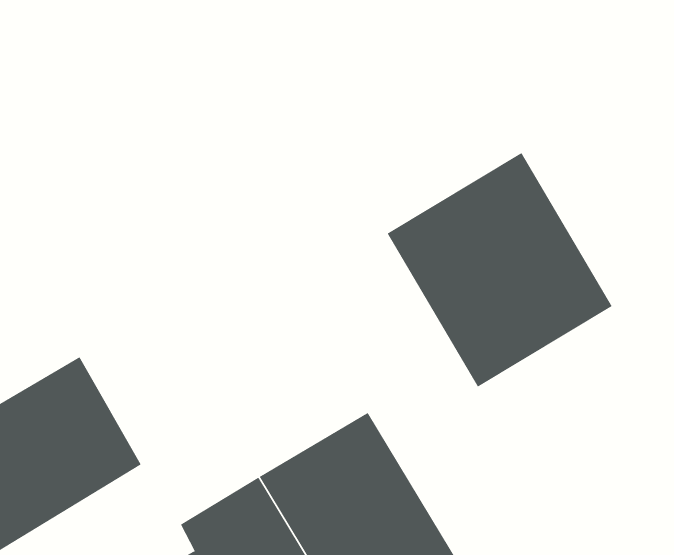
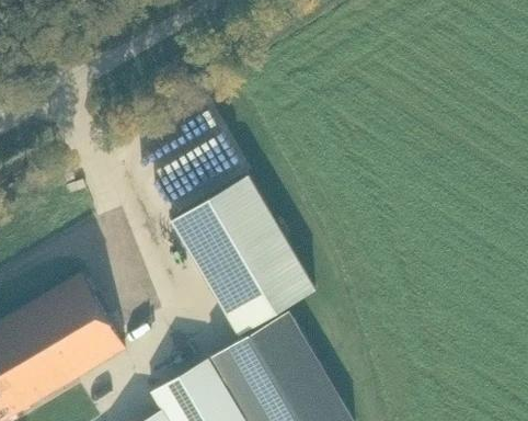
building: [387,152,613,387] -> none
building: none -> [169,174,315,335]

